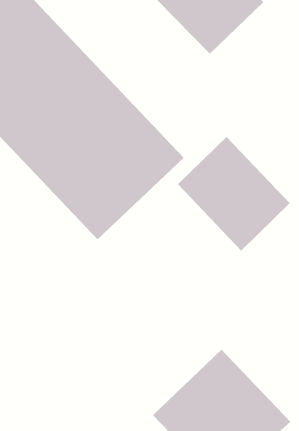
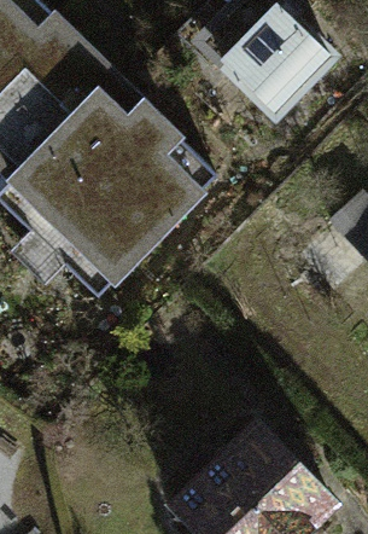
building: [177,136,290,251] -> none

